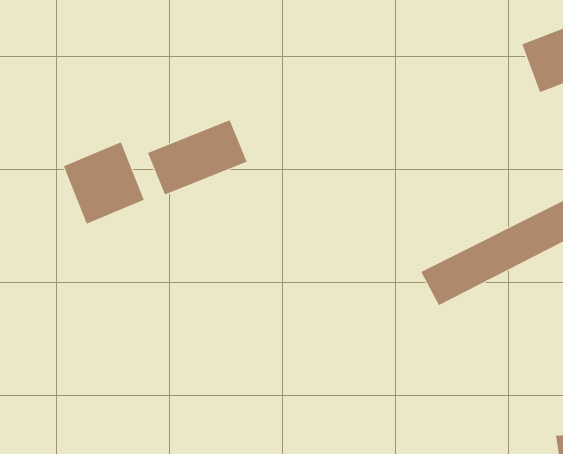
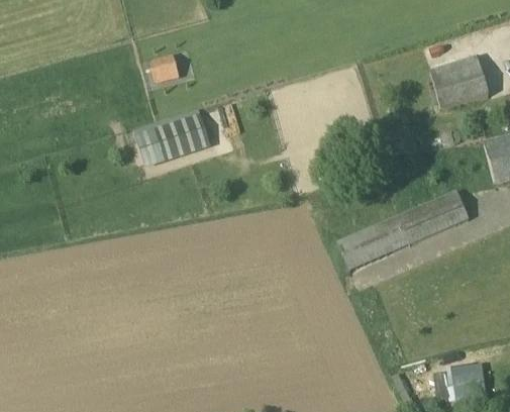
building: none -> [150,53,183,82]
building: [63,142,145,225] -> none

